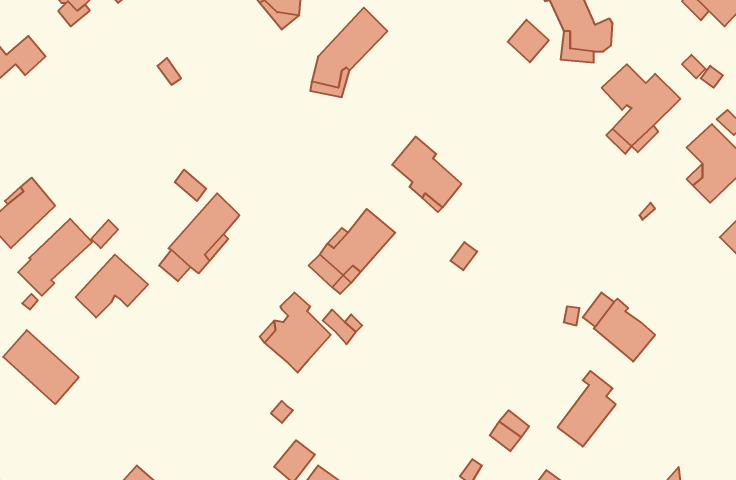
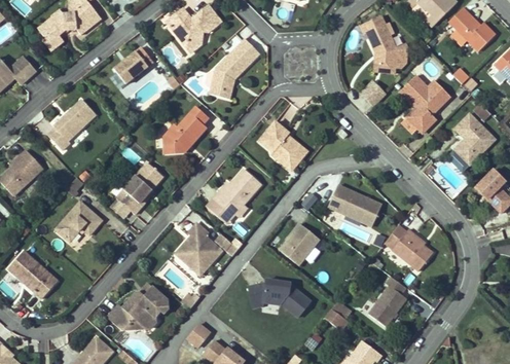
building: none -> [114,45,153,82]
building: [508,20,549,62] -> [359,78,386,106]
building: none -> [166,105,209,151]
building: [18,219,92,296] -> [46,100,95,150]
building: none -> [327,182,383,227]
building: none -> [278,221,324,264]
building: none -> [243,278,312,319]
building: none -> [108,287,168,330]

